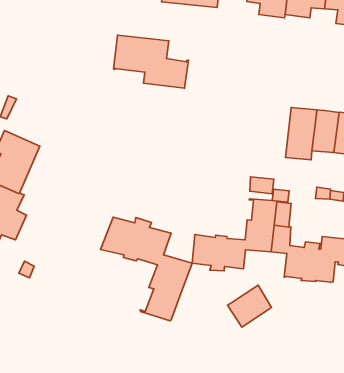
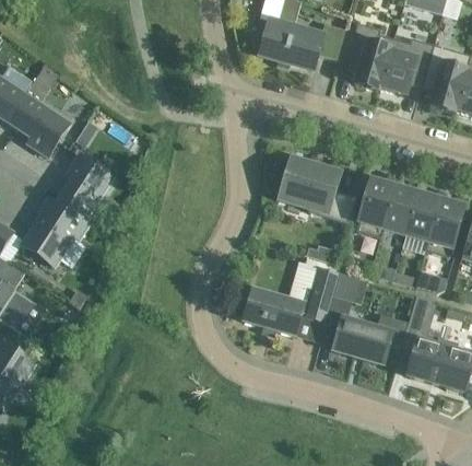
building: [114,35,189,88] -> [281,158,357,222]
building: [100,217,192,321] -> none
building: [227,285,272,327] -> none

